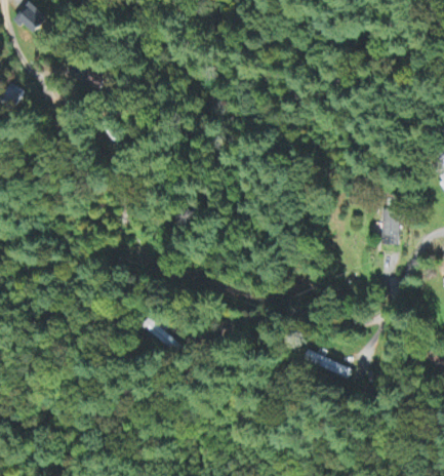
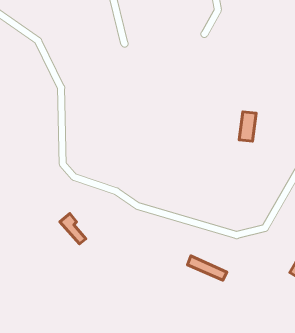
building: [378,208,396,243] -> [239,112,256,141]

